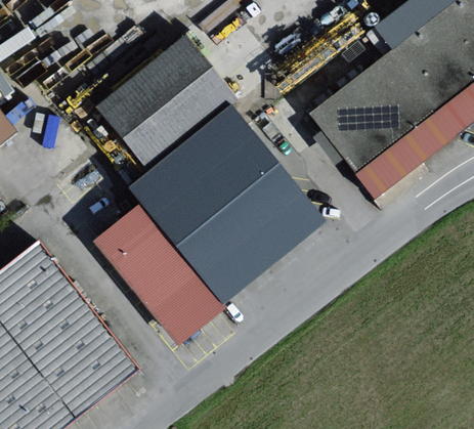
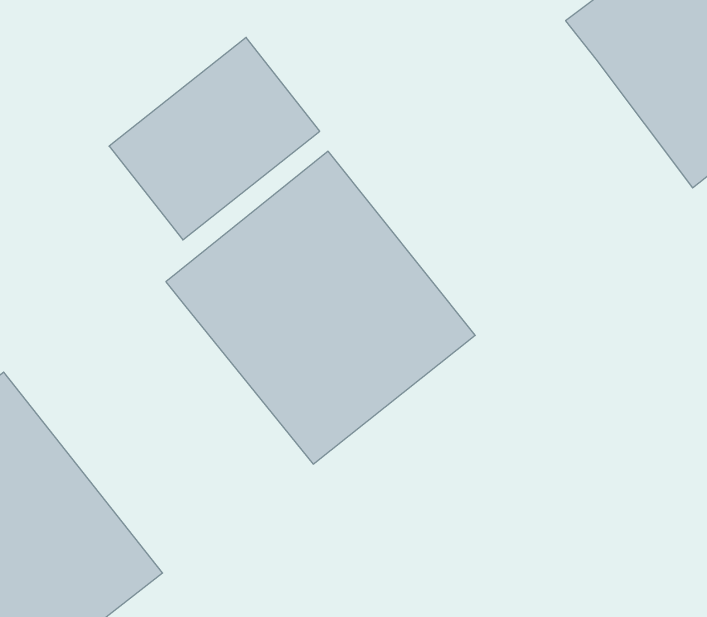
building: [313,52,457,194] -> none
building: [98,203,227,342] -> none

